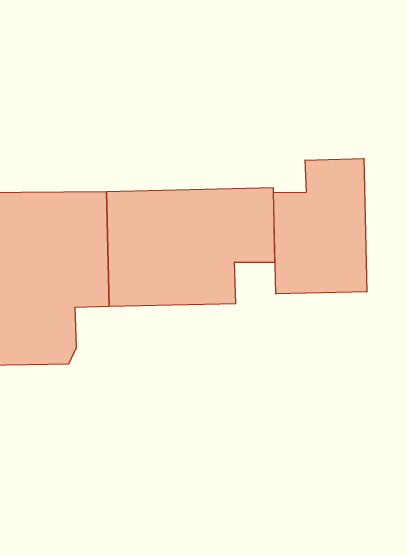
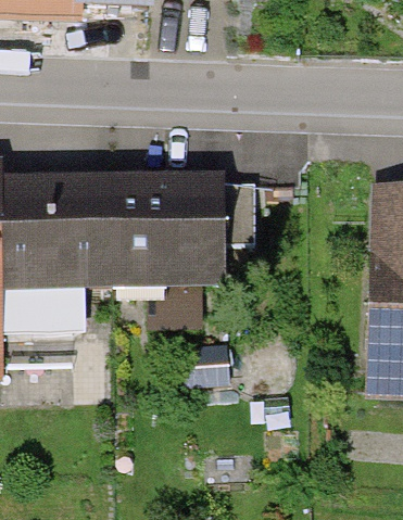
building: [274,158,367,294] -> none

